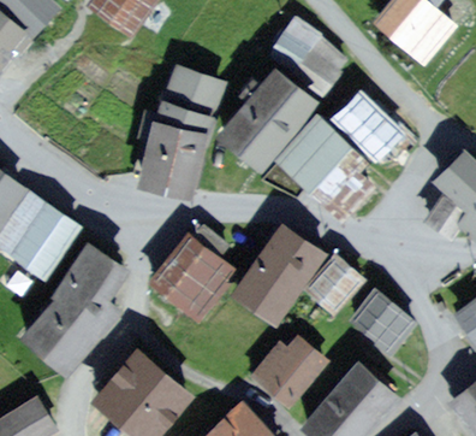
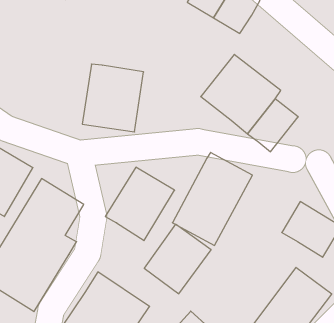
building: [166,58,227,128] -> none
building: [214,64,316,170] -> none
building: [329,87,404,160] -> none
building: [302,252,364,314] -> none
building: [249,328,326,406] -> [144,224,211,294]

